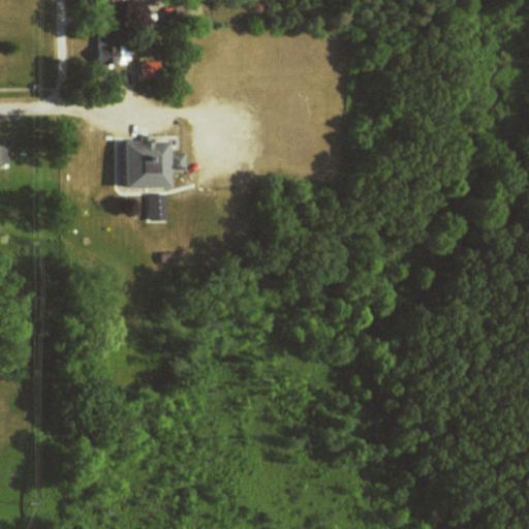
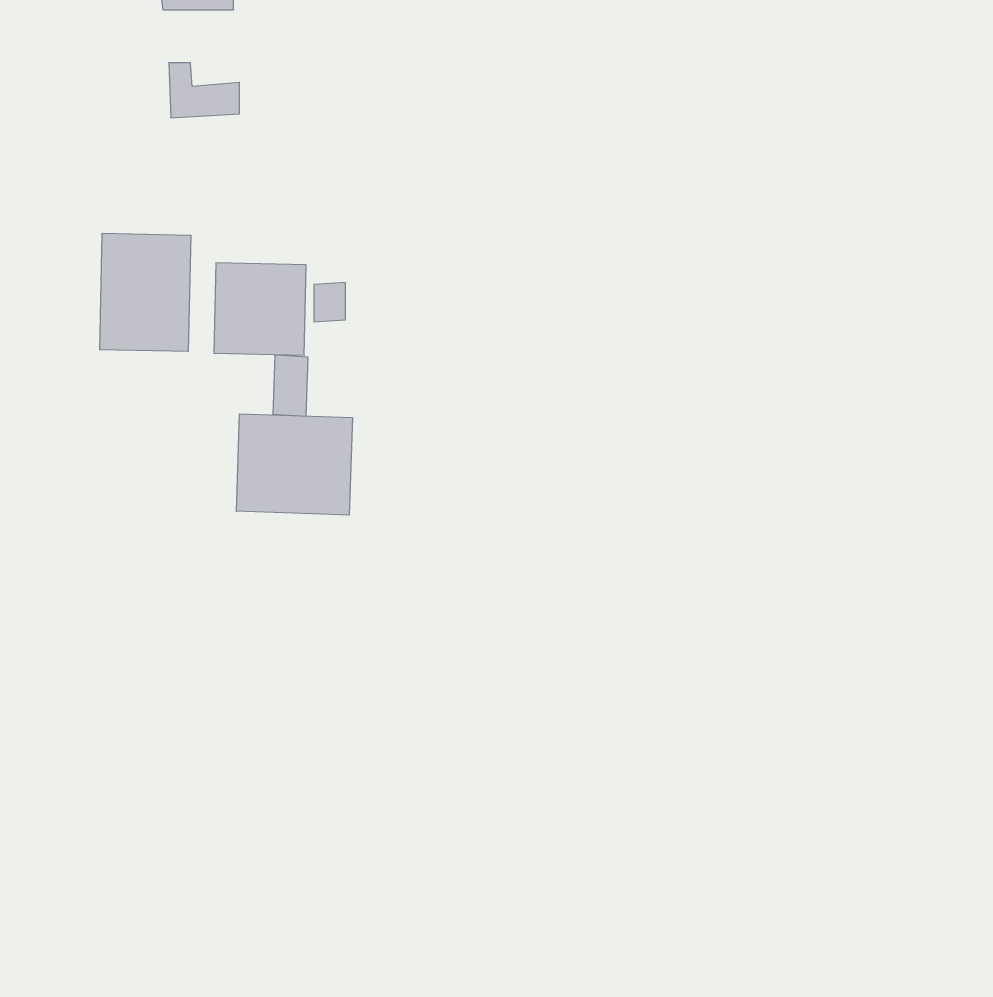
building: none -> [100,233,191,352]
building: none -> [236,414,353,515]

